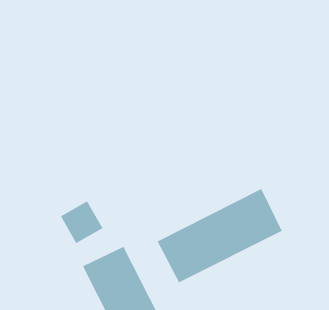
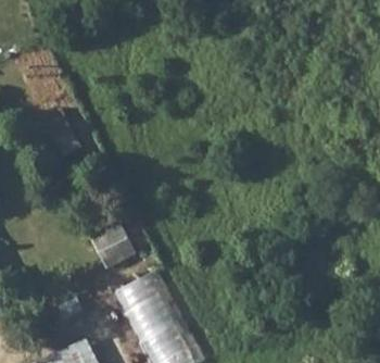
building: [157,188,283,283] -> none

